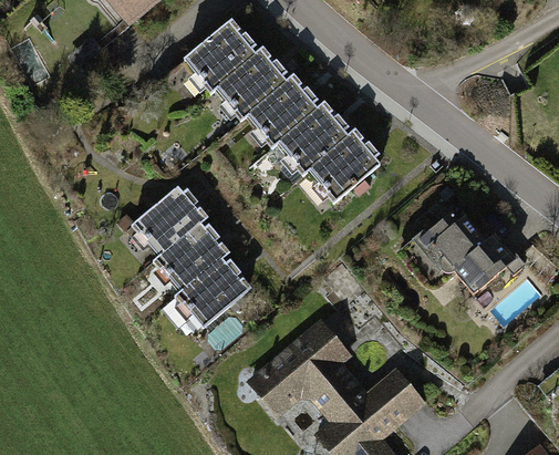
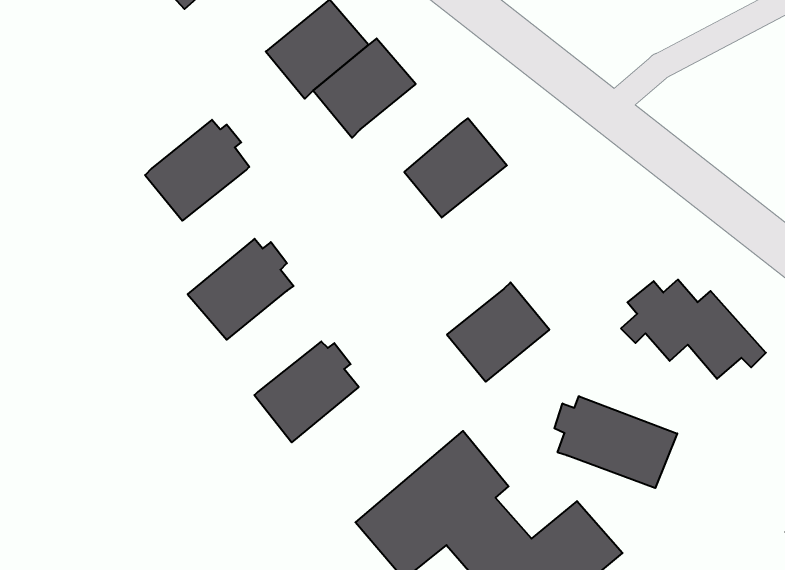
building: [249,77,318,145] -> none
building: [310,133,380,200] -> [447,282,549,382]
building: [154,223,225,291] -> [145,120,249,221]
building: none -> [554,396,677,488]

